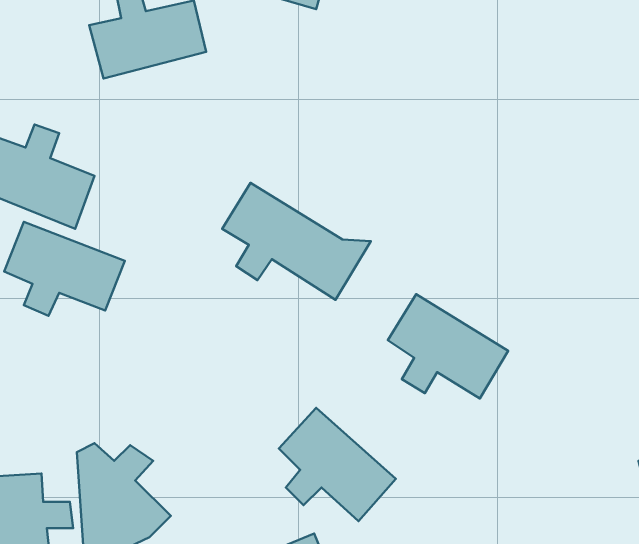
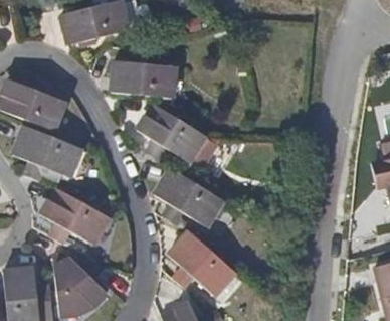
building: none -> [111,49,175,98]
building: [388,294,508,399] -> [154,168,222,227]
building: none -> [41,187,110,247]

